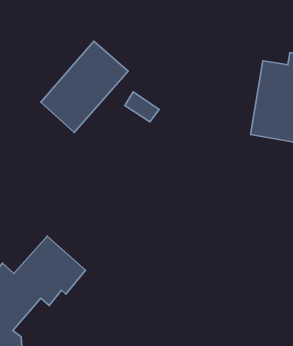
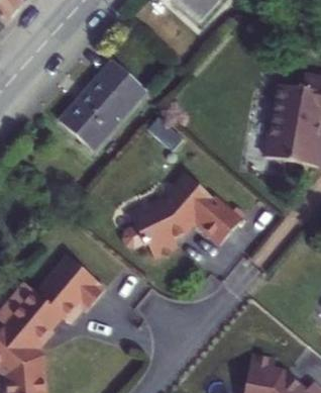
building: none -> [120,172,239,255]

